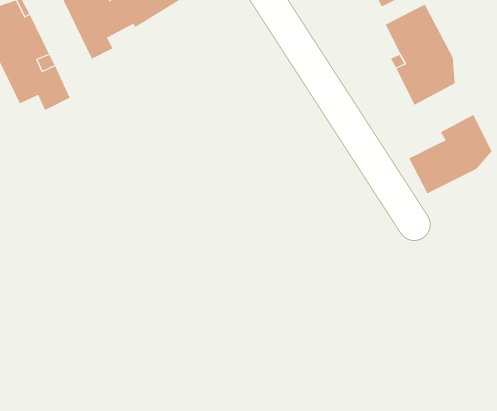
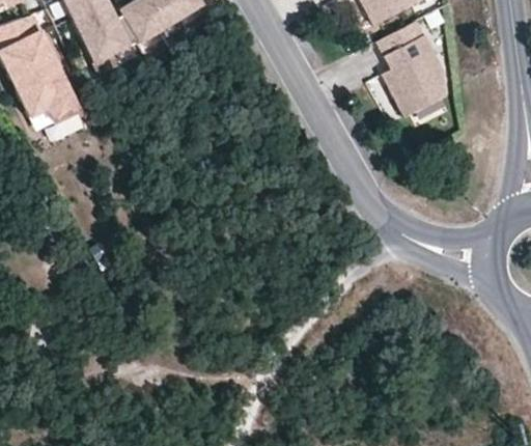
building: [409,114,492,194] -> none

